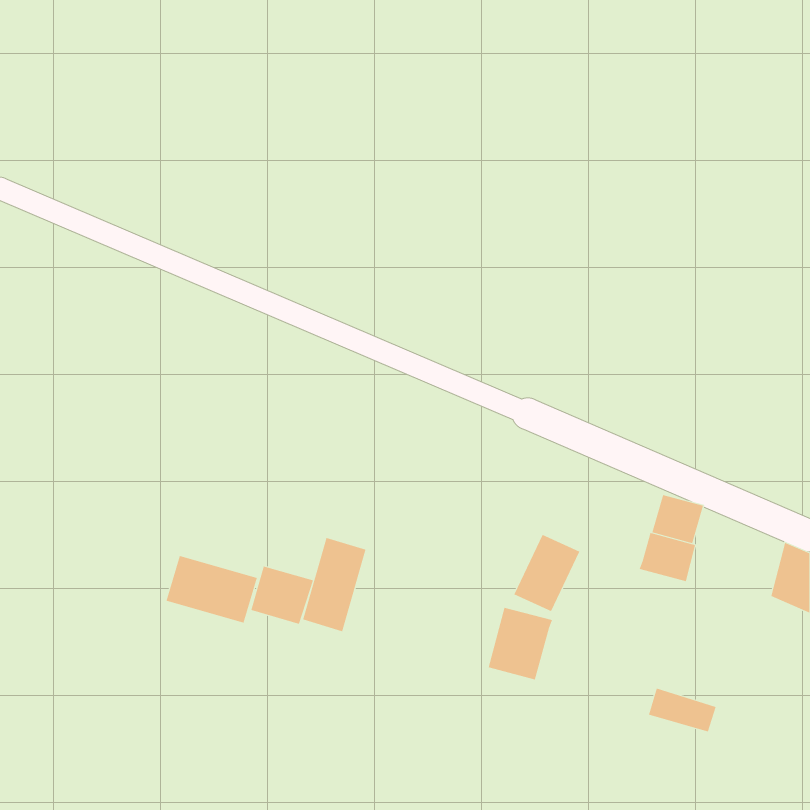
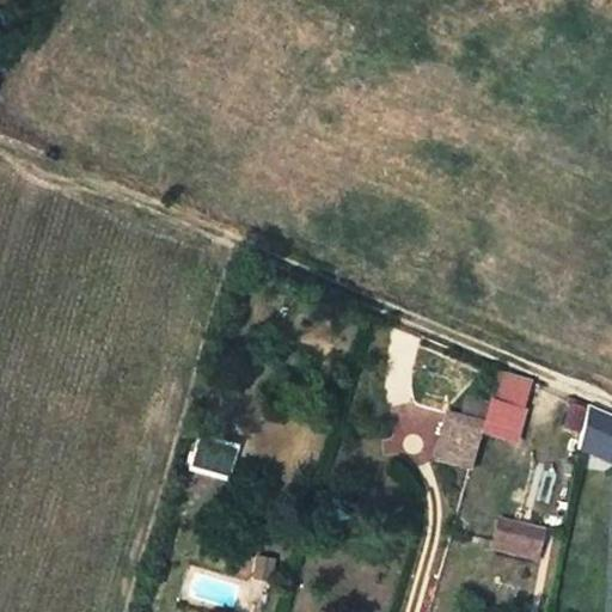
building: [302,537,366,632] -> none
building: [166,555,258,623] -> none
building: [488,607,553,680] -> [435,414,484,469]

